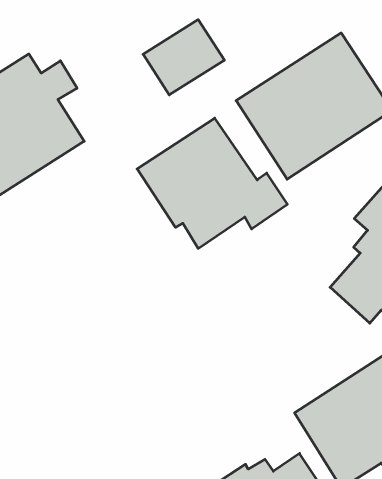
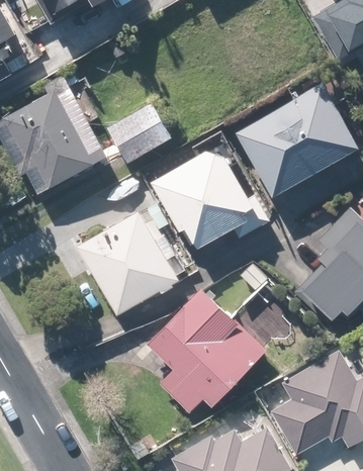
building: [143,20,224,95] -> [107,102,173,162]
building: none -> [79,212,177,314]
building: none -> [148,285,271,412]

